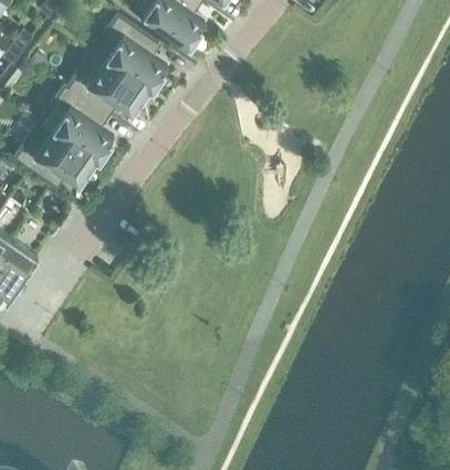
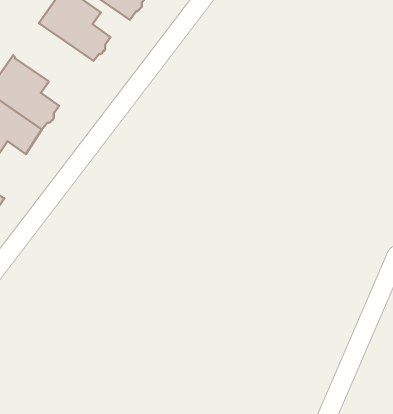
building: [59,63,139,127] -> none

